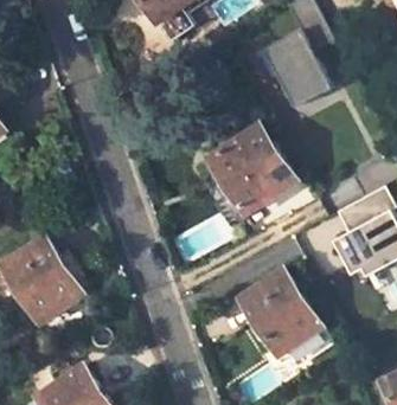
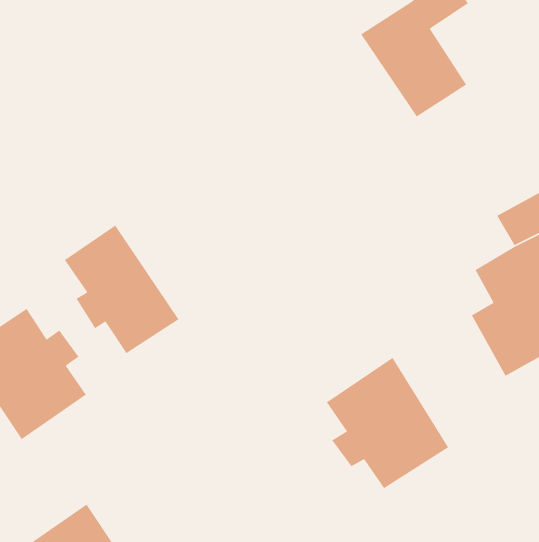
building: [199,126,294,218] -> none
building: none -> [64,225,179,354]

